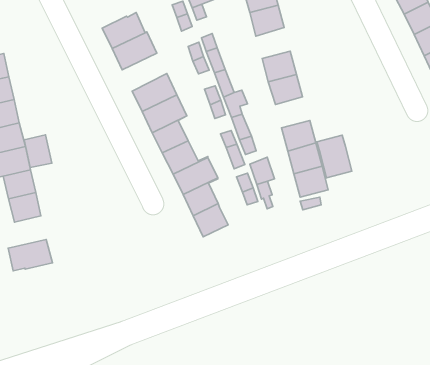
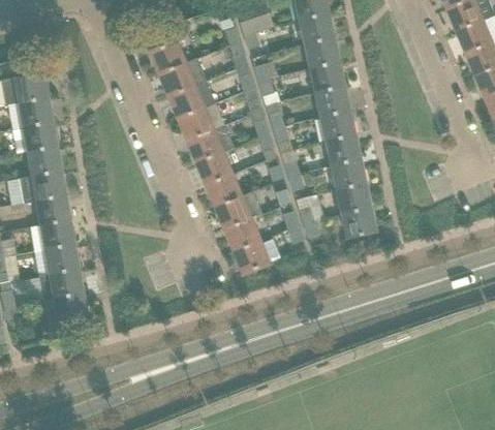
building: none -> [310,62,345,93]
building: none -> [168,82,215,120]
building: none -> [327,135,362,166]
building: [24,135,52,167] -> none
building: [317,135,352,178] -> none
building: none -> [39,245,80,277]
building: none -> [56,295,89,325]

